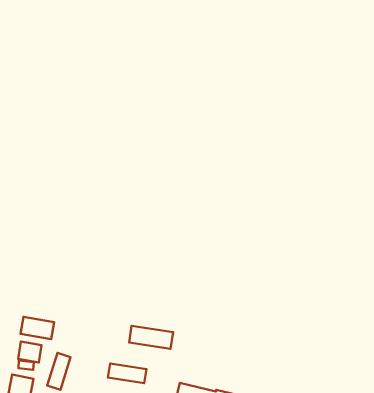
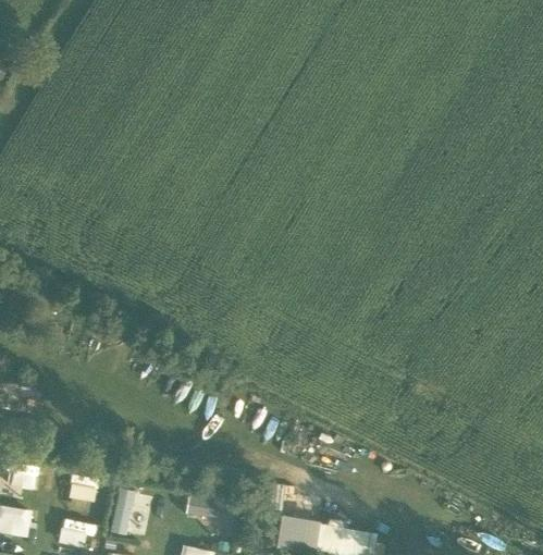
building: [20,317,54,339] -> none
building: [129,326,173,349] -> none

